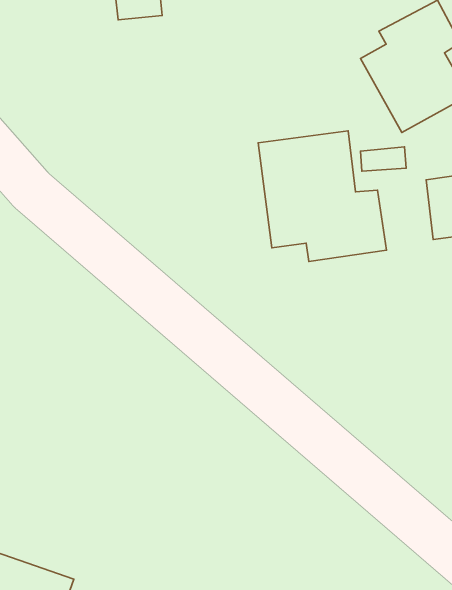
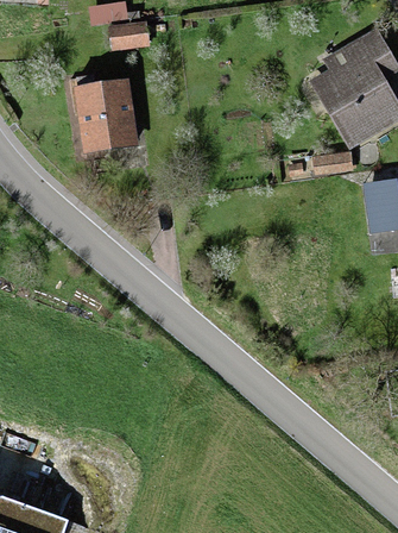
building: none -> [71,80,132,155]
building: [258,131,386,261] -> none

